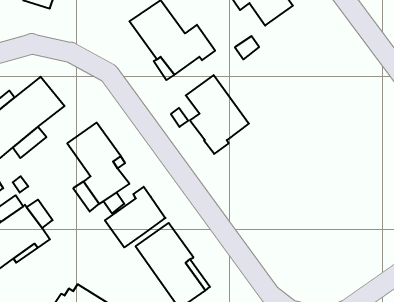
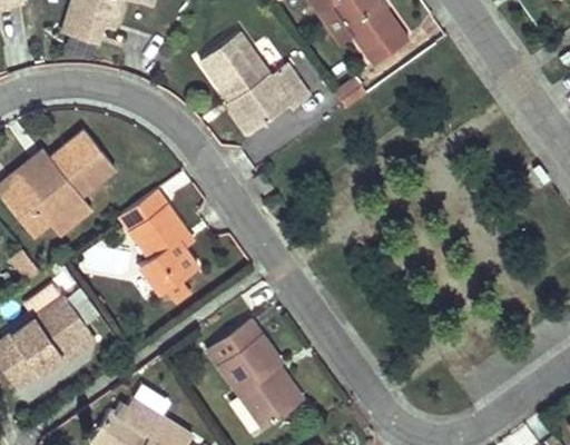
building: [186,75,249,154] -> none
building: [105,187,166,247] -> none

